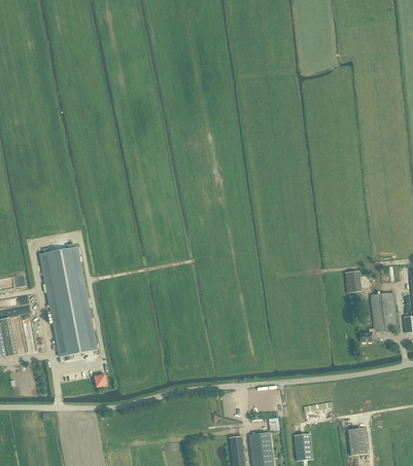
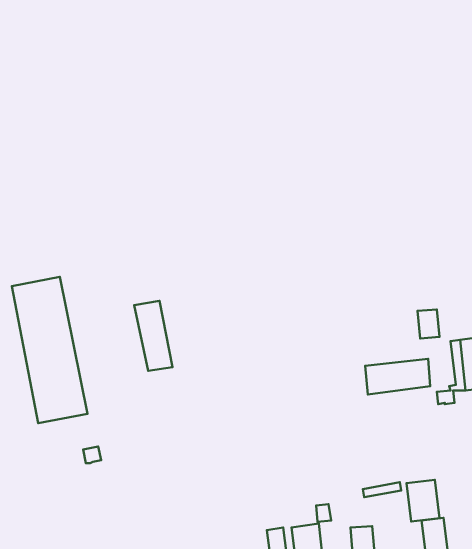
building: none -> [134,301,172,371]
building: none -> [365,359,430,394]
building: none -> [406,480,440,522]

